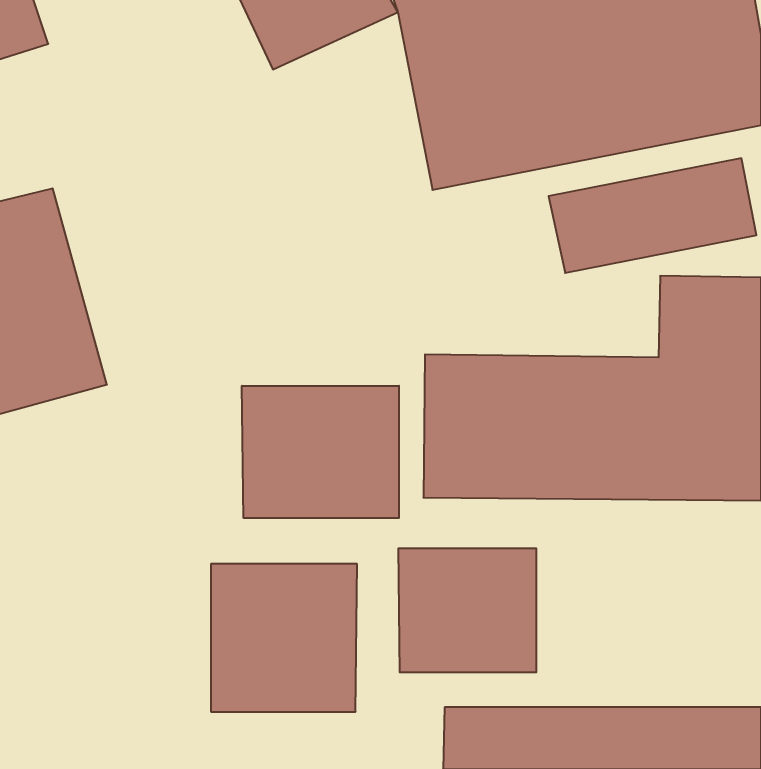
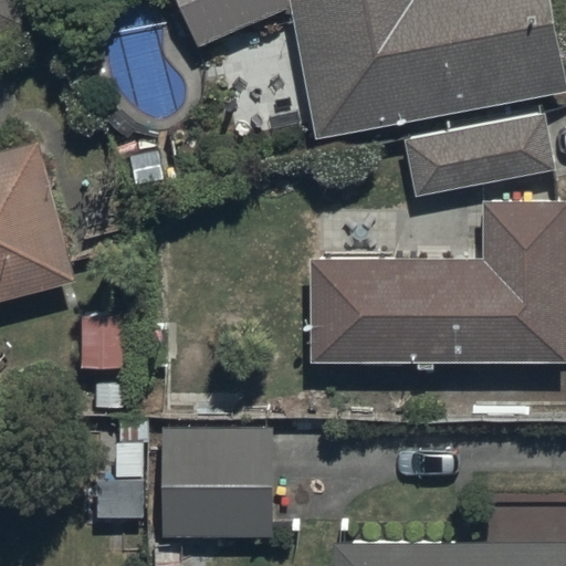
building: [242,386,399,518] -> none
building: [398,548,536,672] -> none

